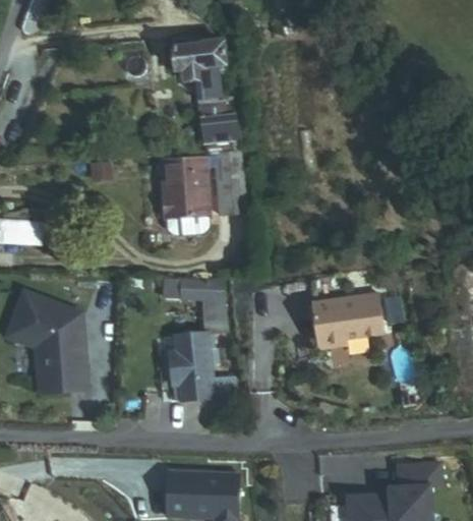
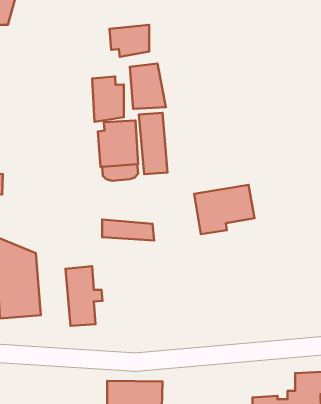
building: none -> [92,77,124,122]
building: [311,294,385,354] -> [194,185,254,234]
building: [175,329,220,401] -> [65,266,102,326]

